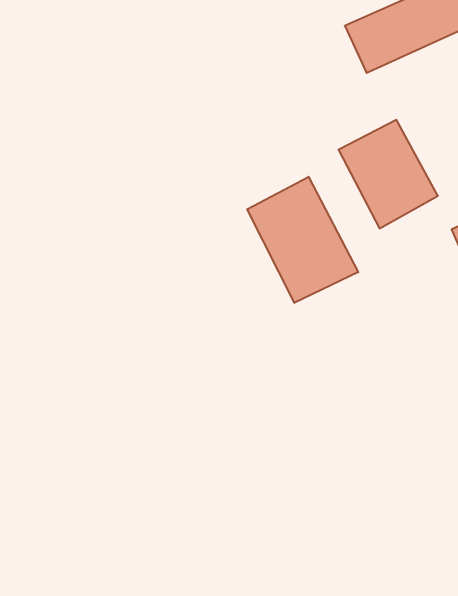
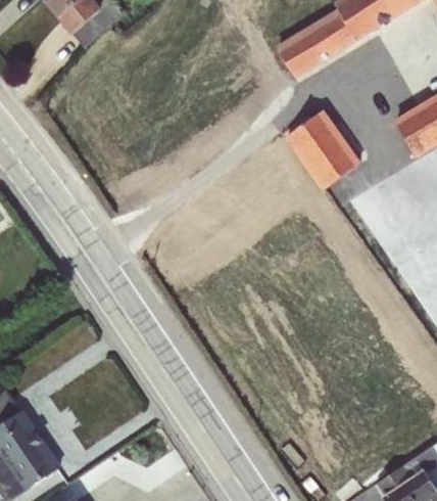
building: [247,177,358,303] -> none

